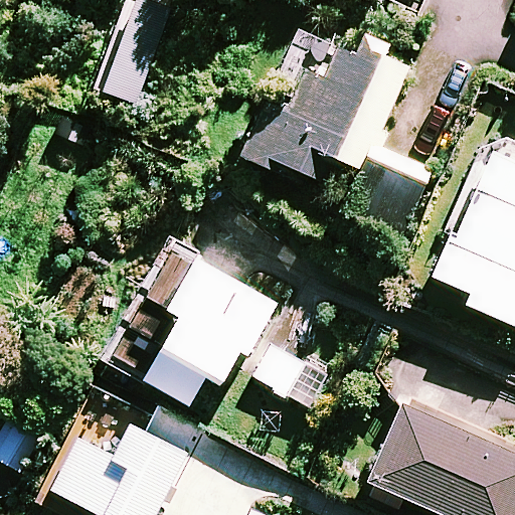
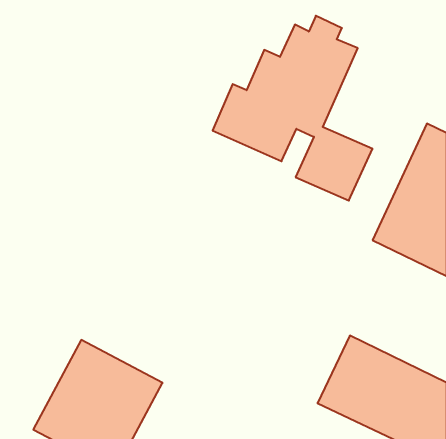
building: [117,255,332,416] -> none

